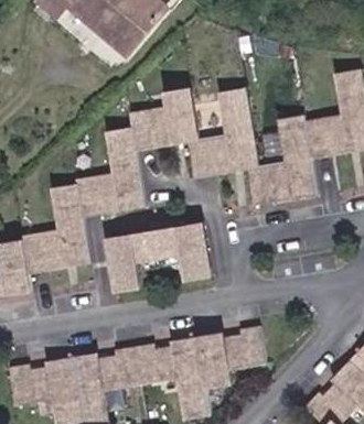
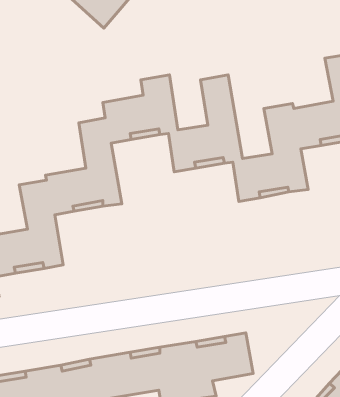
building: [105,224,211,294] -> none

